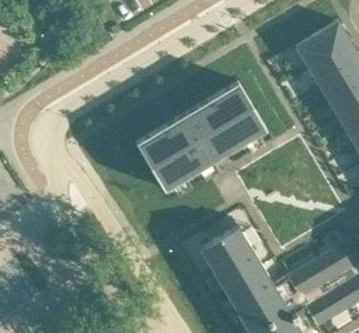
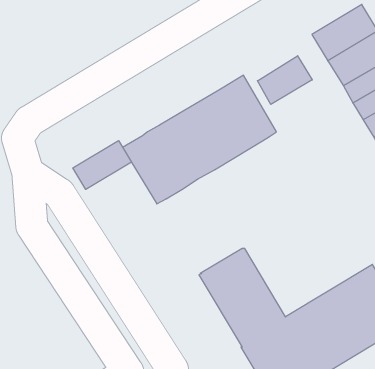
building: none -> [257,56,312,104]
building: none -> [73,141,131,189]

